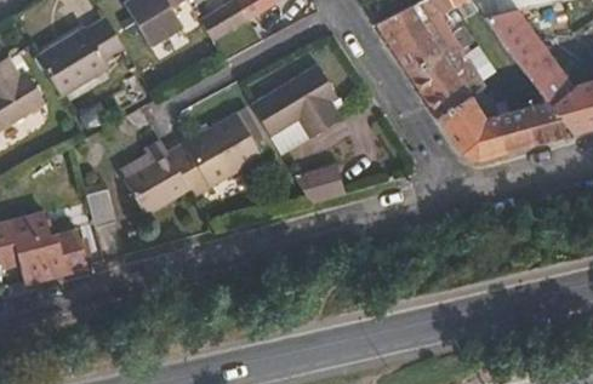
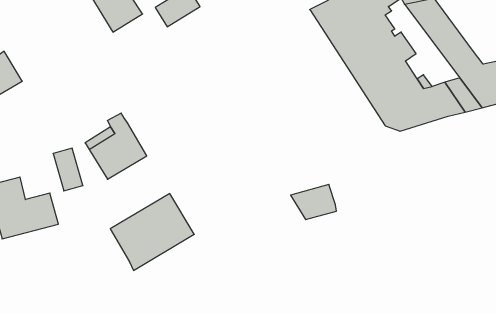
building: [36,17,125,98] -> none
building: [250,64,343,155] -> none
building: [167,111,263,199] -> [110,194,194,270]
building: [293,165,346,205] -> [291,184,336,220]

